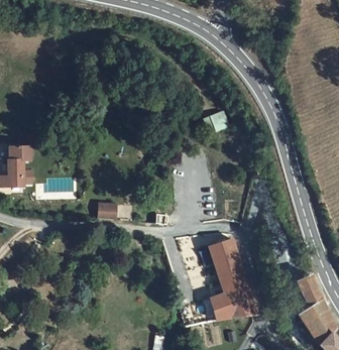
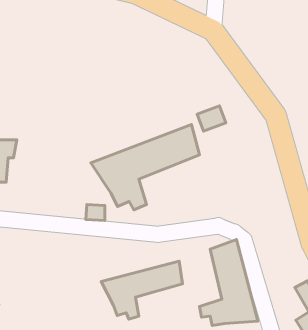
building: none -> [91,124,200,210]
building: none -> [101,261,183,319]

